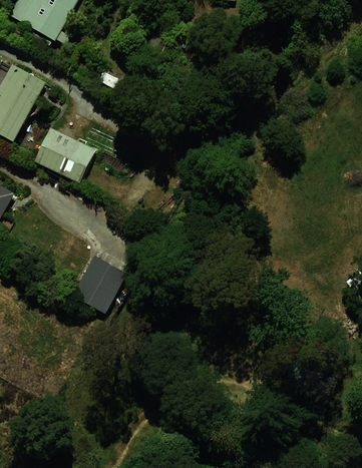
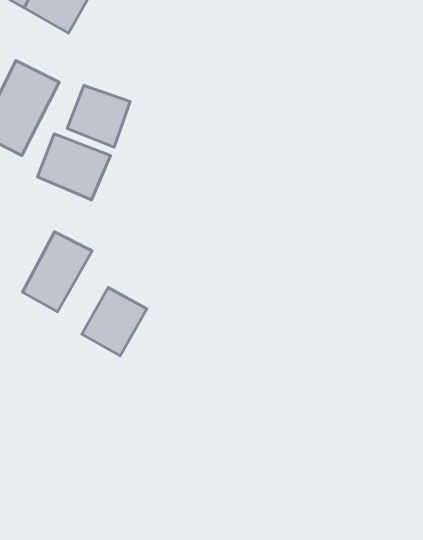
building: none -> [67,85,130,147]
building: none -> [22,232,92,312]

